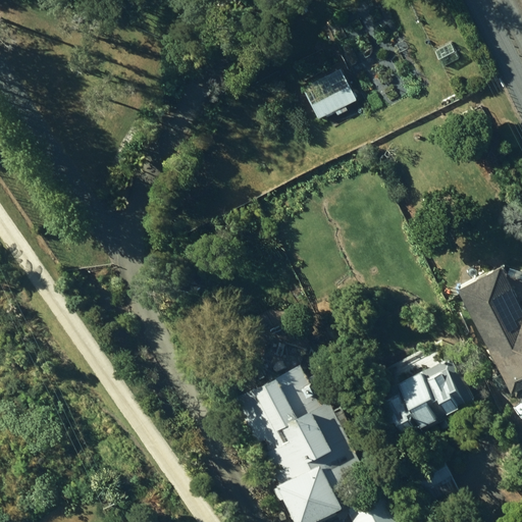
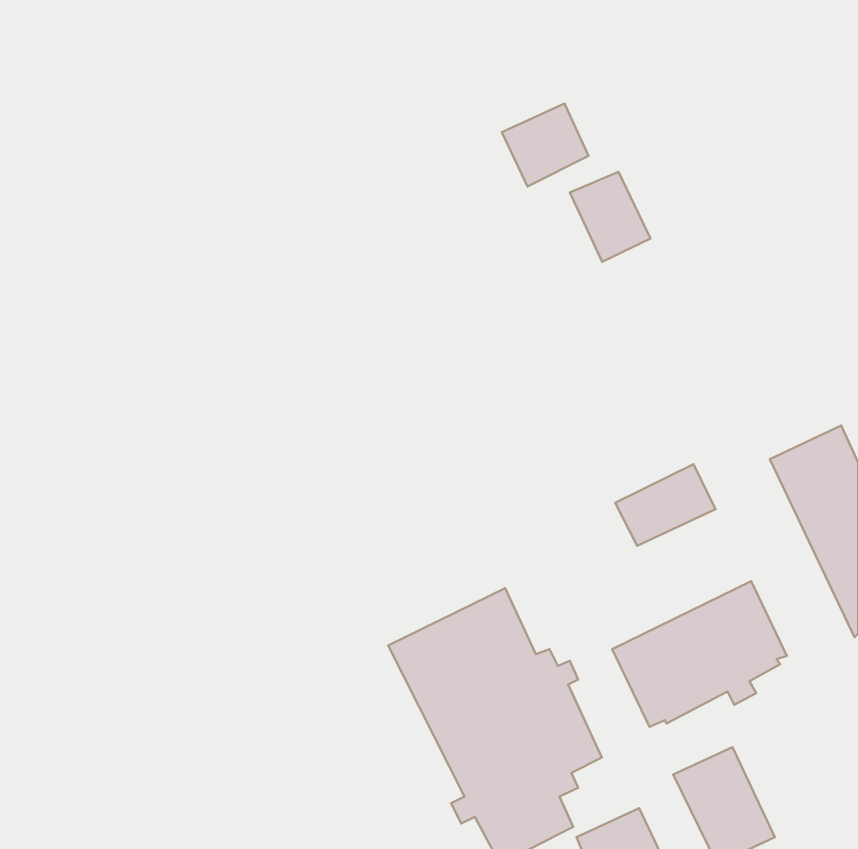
building: none -> [570,172,650,262]
building: none -> [615,464,716,546]

